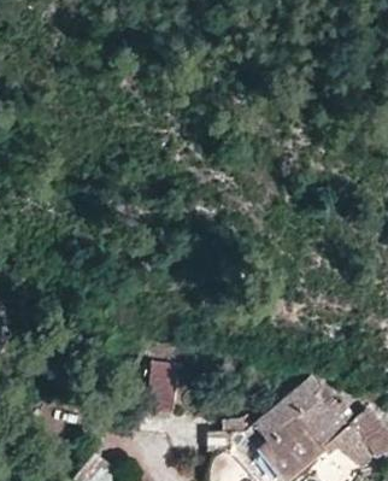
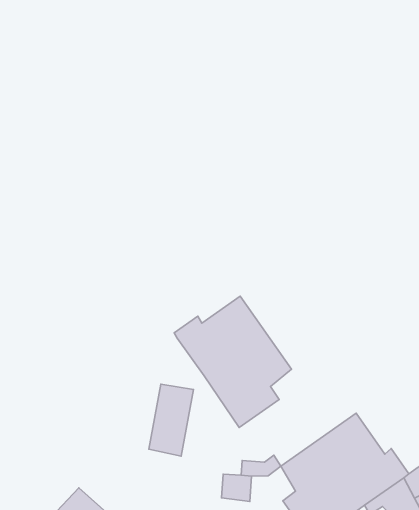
building: none -> [174,296,292,428]

